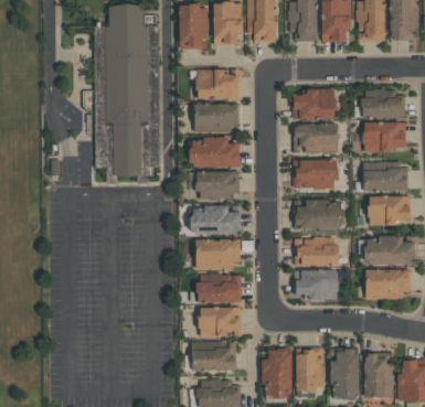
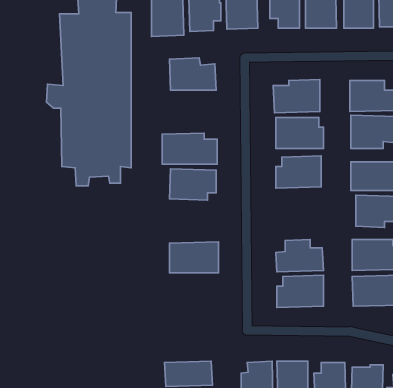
building: [193,103,238,131] -> none
building: [295,200,343,228] -> none
building: [190,206,241,235] -> none
building: [196,274,241,303] -> none
building: [199,308,241,336] -> none

